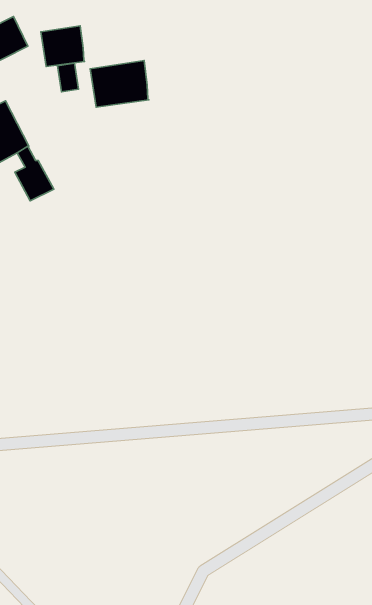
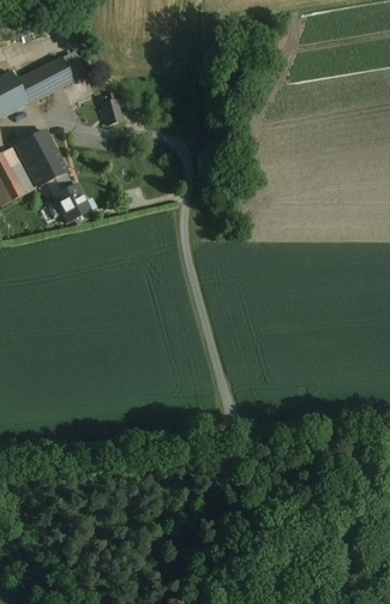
building: [41,26,85,67] -> none
building: [90,61,149,107] -> none

